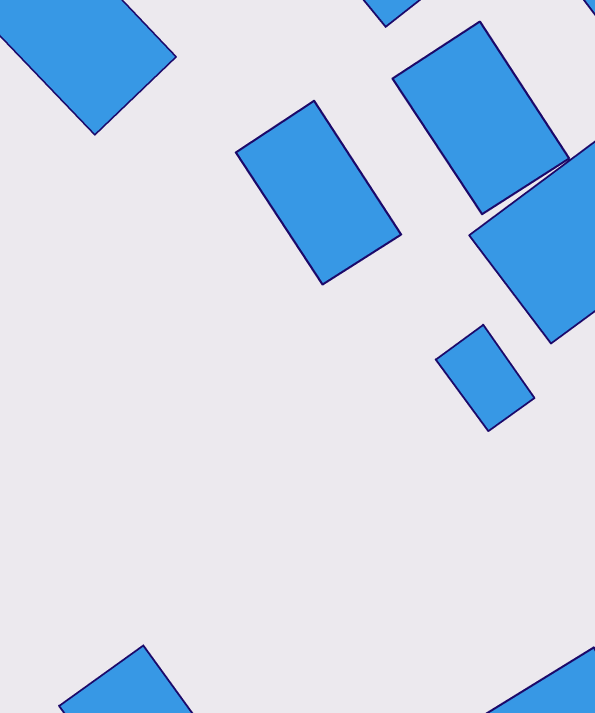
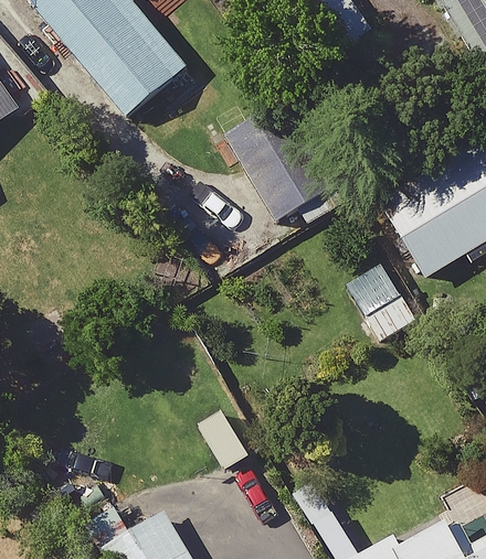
building: [393,22,569,214] -> none

